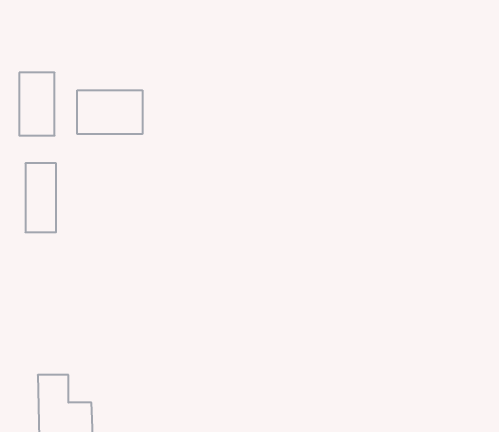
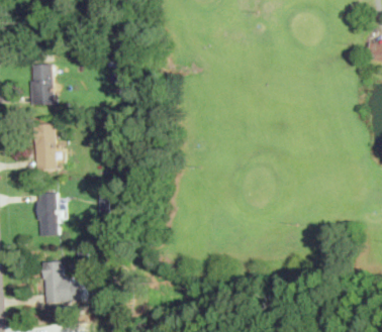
building: [77,90,142,134] -> none
building: none -> [36,193,57,235]

